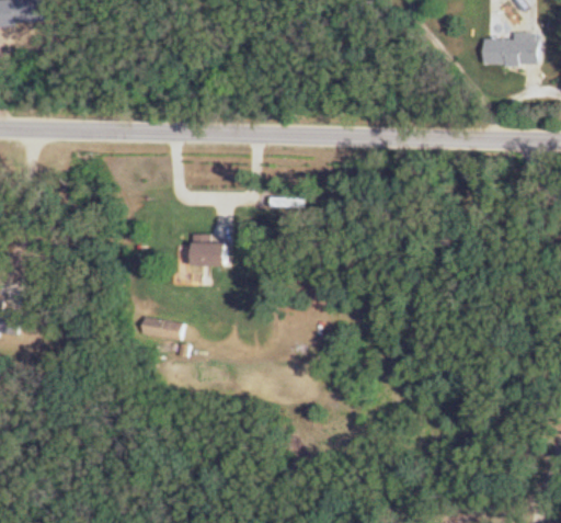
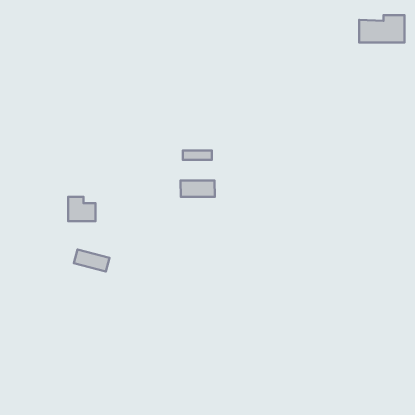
building: none -> [181,180,215,197]
building: [190,235,222,264] -> [68,197,95,221]

